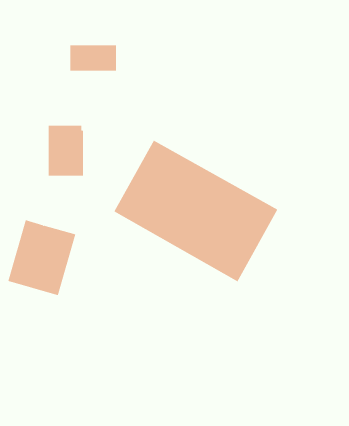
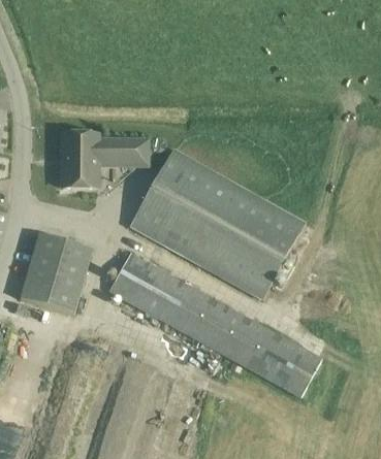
building: [70,45,117,71] -> [100,139,150,167]
building: none -> [108,252,322,397]

